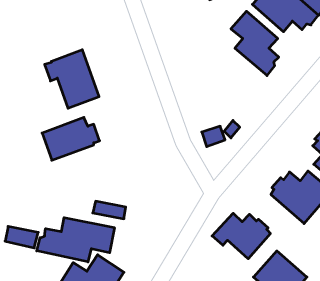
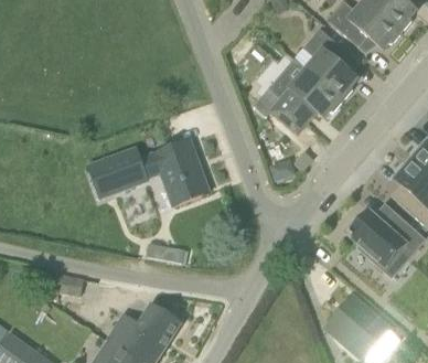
building: none -> [268,58,343,129]
building: [45,50,99,108] -> [147,139,208,205]
building: [212,213,270,259] -> none
building: [37,218,114,262] -> none

